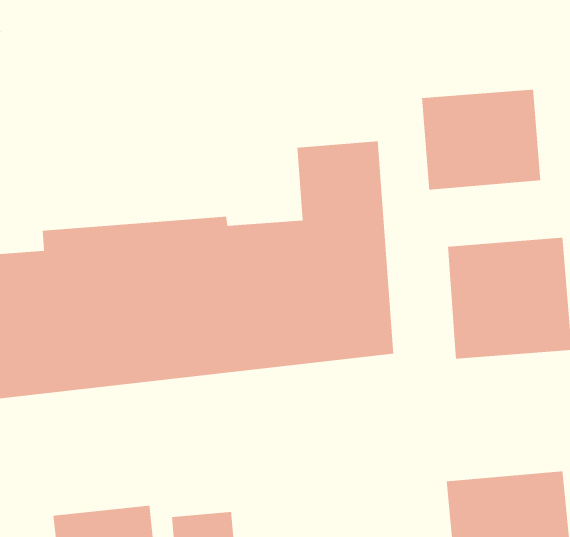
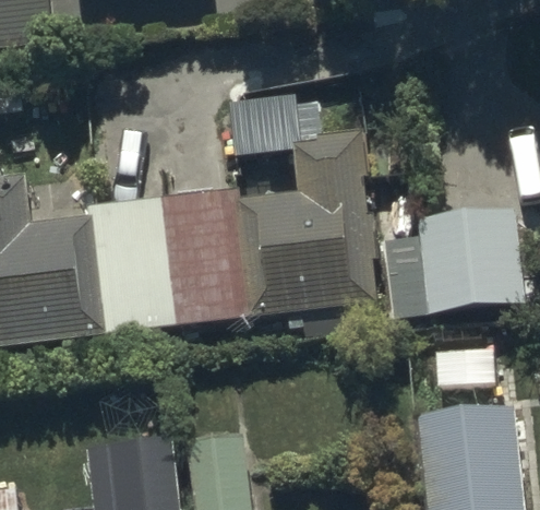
building: [421,89,541,190] -> none

